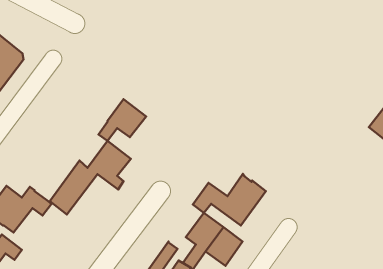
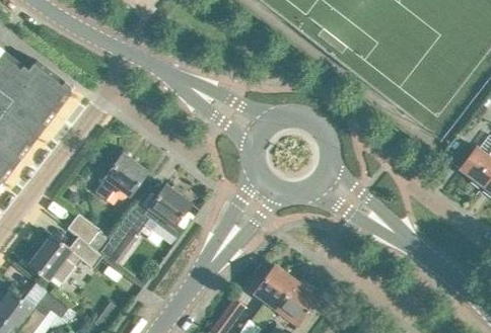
building: [98,99,146,141] -> [93,153,147,199]
building: none -> [67,214,108,251]
building: [193,174,266,226] -> none

